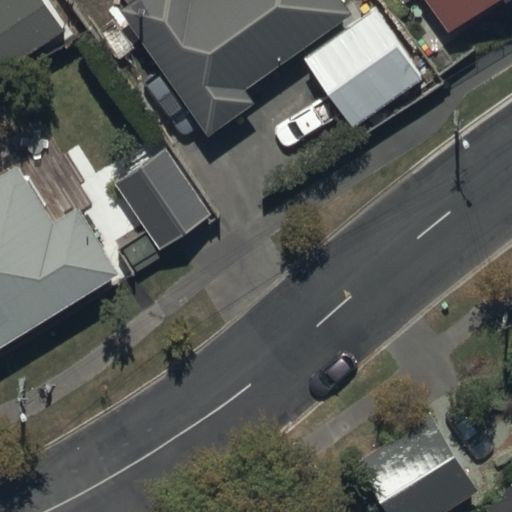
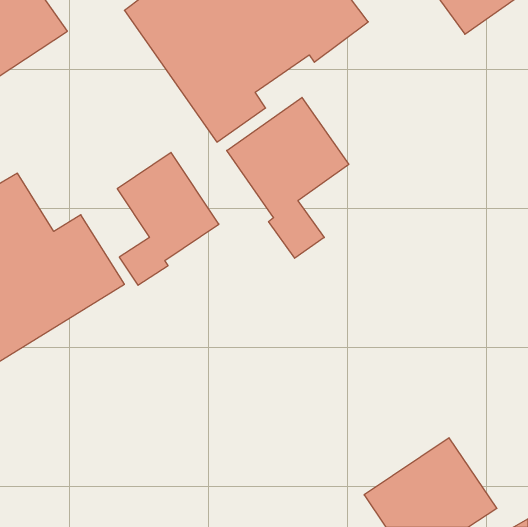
building: [303,9,422,129] -> none
building: none -> [227,97,349,258]

